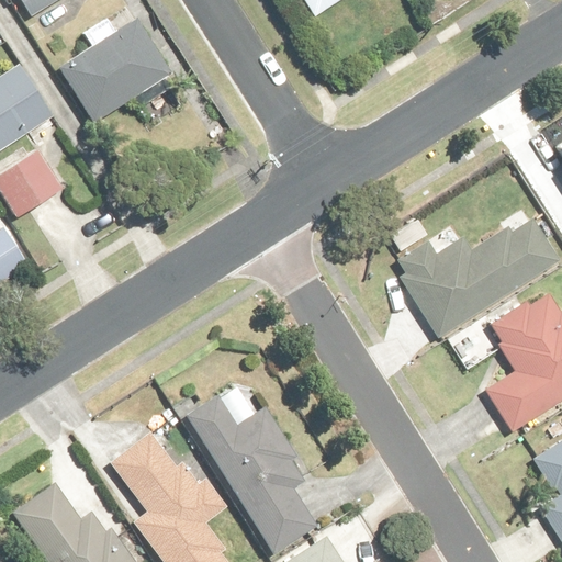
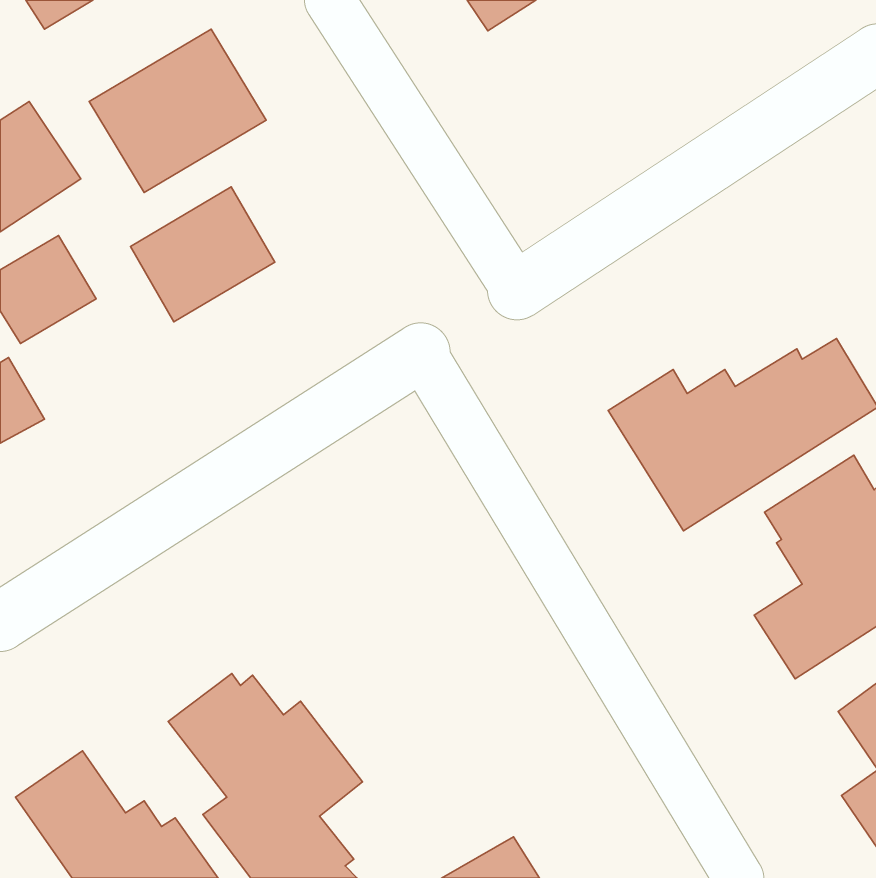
building: none -> [130,187,275,322]
building: [184,381,316,554] -> none

